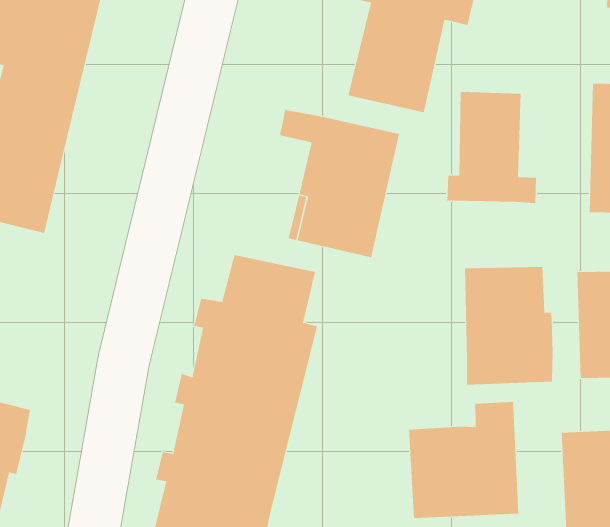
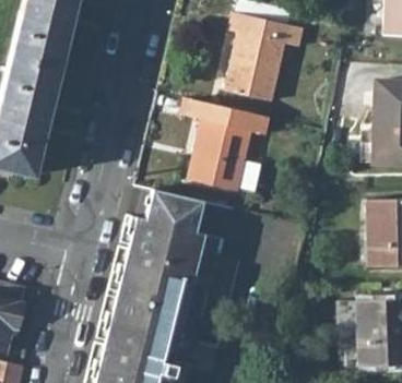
building: [447,91,536,204] -> none
building: [464,266,553,386] -> none
building: [408,401,519,519] -> none

